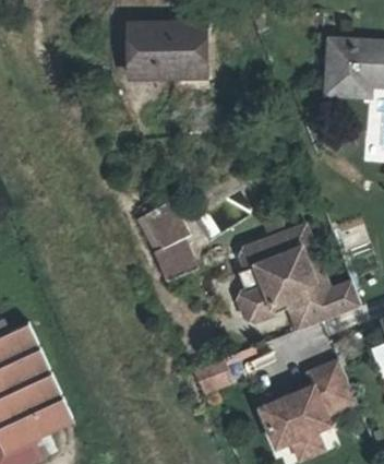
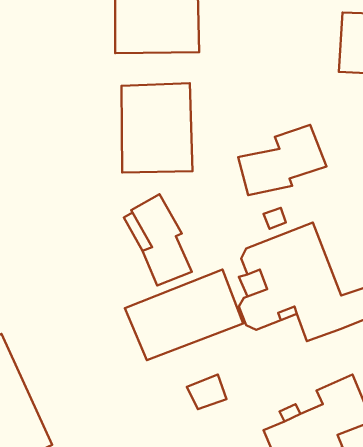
building: none -> [121,83,192,173]
building: none -> [238,125,326,195]
building: none -> [125,270,243,360]

